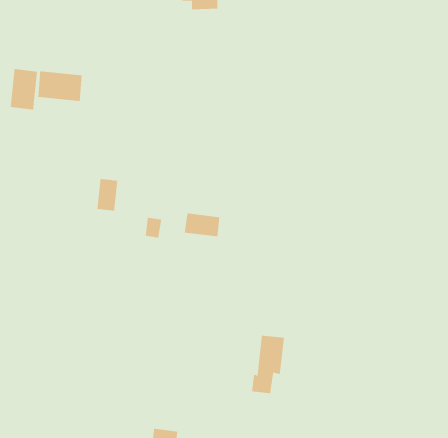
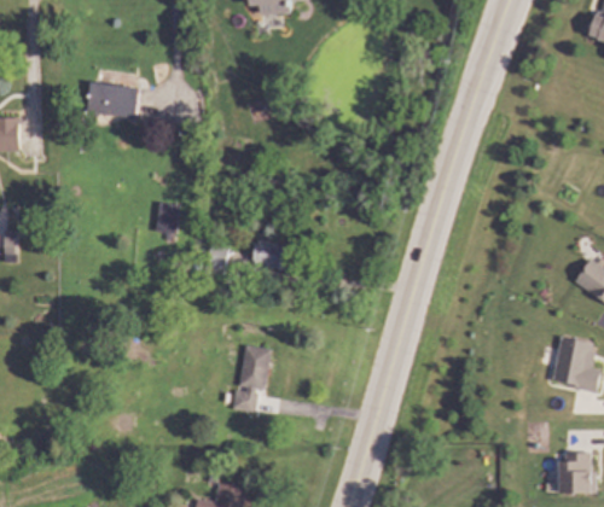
building: [10,68,38,110] -> none
building: [251,335,285,394] -> [232,345,269,412]

